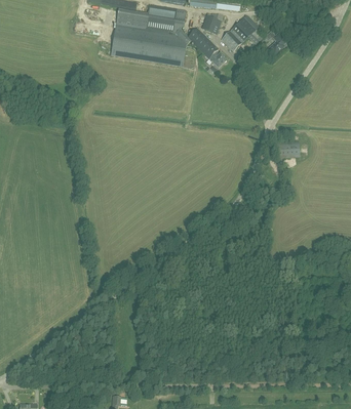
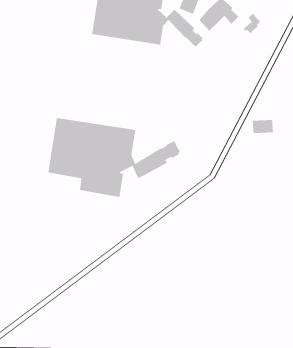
building: none -> [48,117,181,198]

